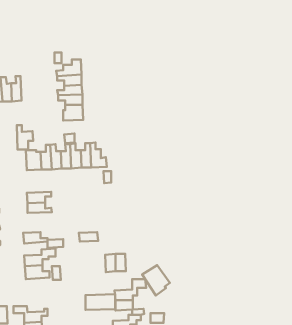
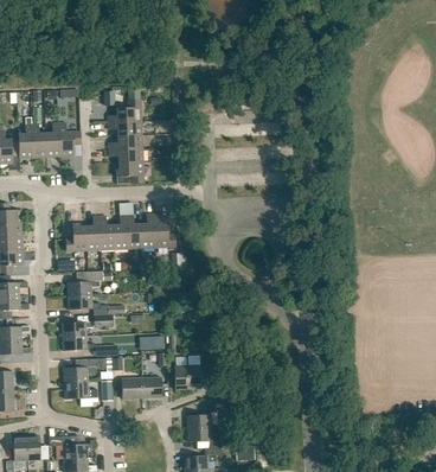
building: [17,125,33,149] -> [58,122,81,155]
building: none -> [62,313,113,336]
building: [142,265,170,295] -> none
building: [85,294,115,310] -> [121,376,161,397]

